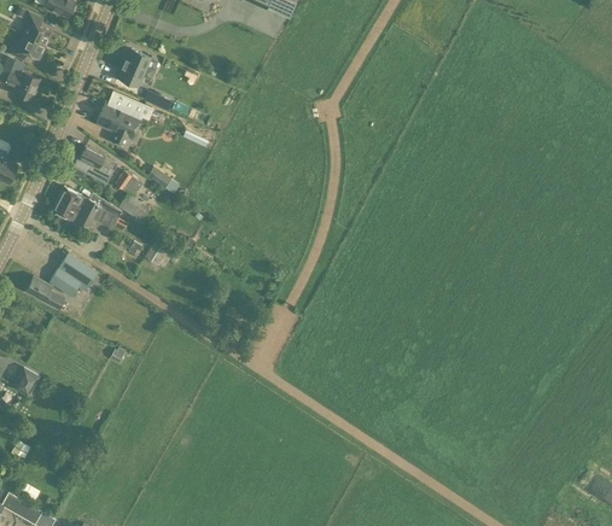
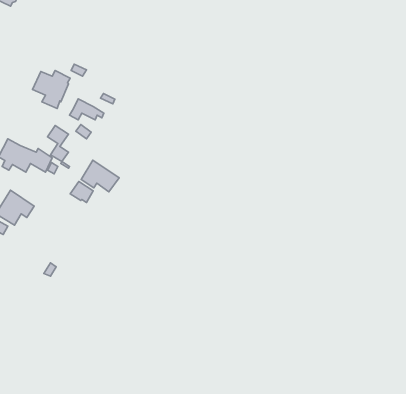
building: [117,49,150,87] -> none
building: [72,146,116,173] -> [70,99,104,120]
building: none -> [81,160,119,192]

